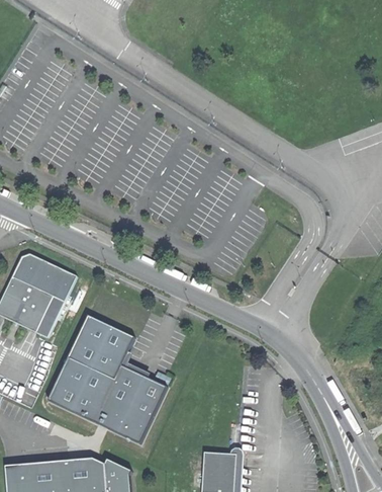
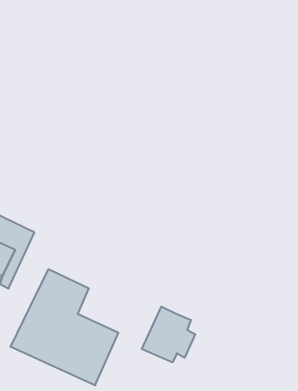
building: none -> [142,307,195,362]

